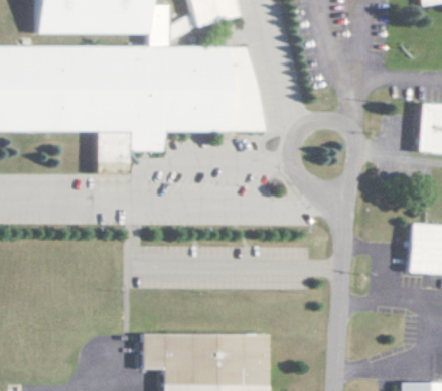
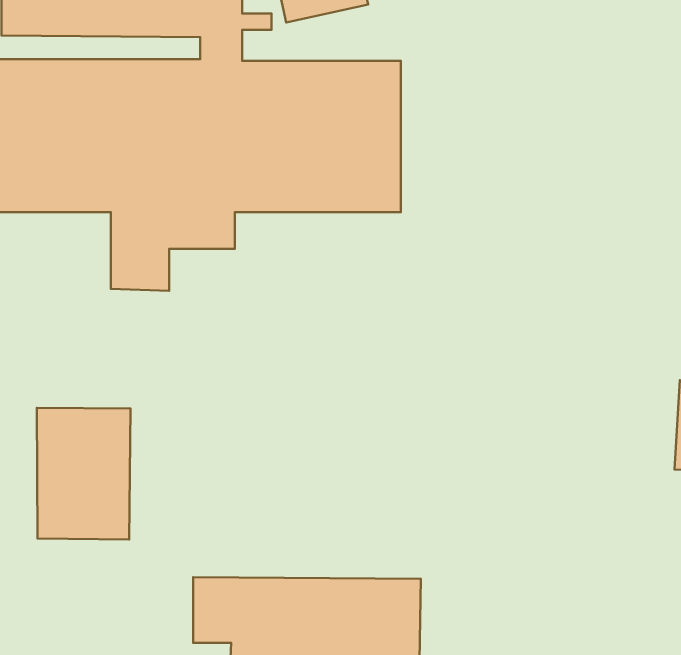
building: none -> [37,408,130,539]

